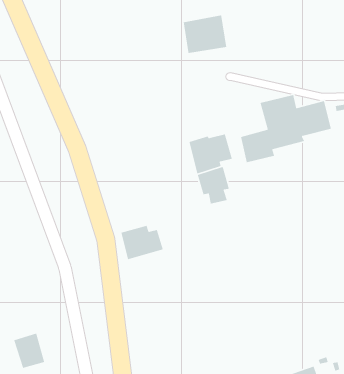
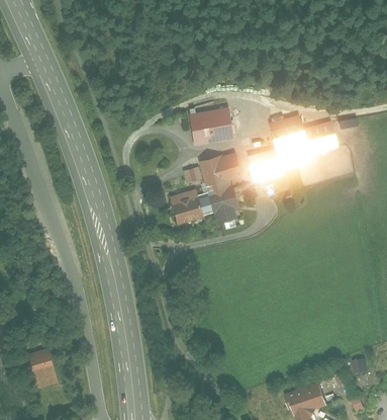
building: [183,14,227,54] -> [189,105,232,144]
building: [120,225,164,260] -> [169,188,211,223]

